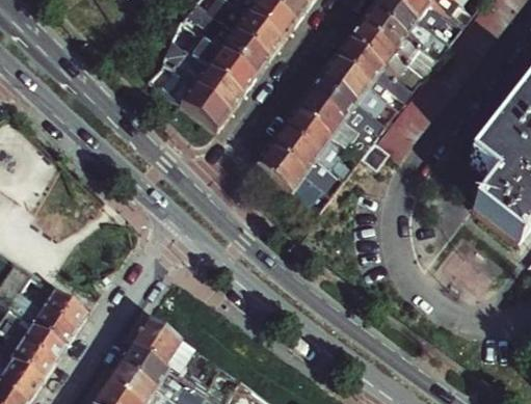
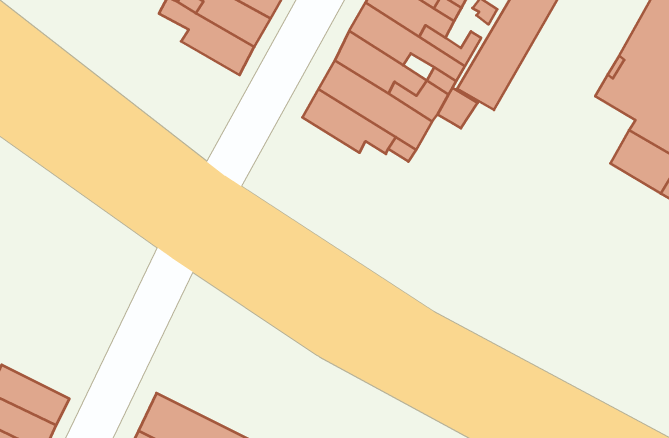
building: [156,58,231,130] -> none
building: [256,144,329,198] -> none

